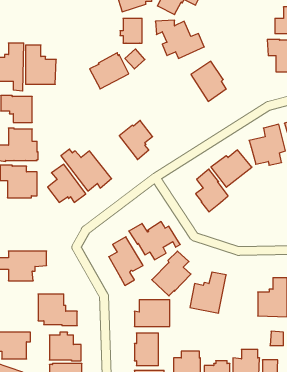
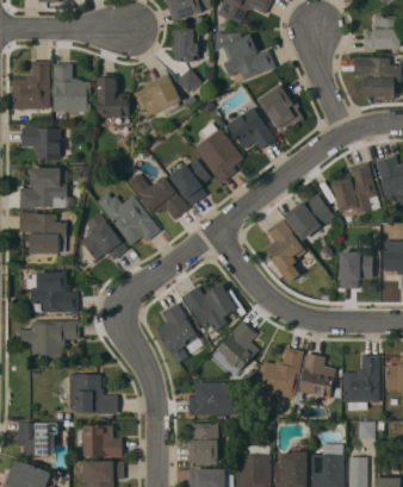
building: none -> [98,74,130,118]
building: none -> [227,106,275,150]
building: none -> [193,121,243,183]
building: none -> [128,173,190,219]
building: none -> [340,250,372,288]
building: none -> [26,270,79,312]
building: none -> [299,352,336,398]

